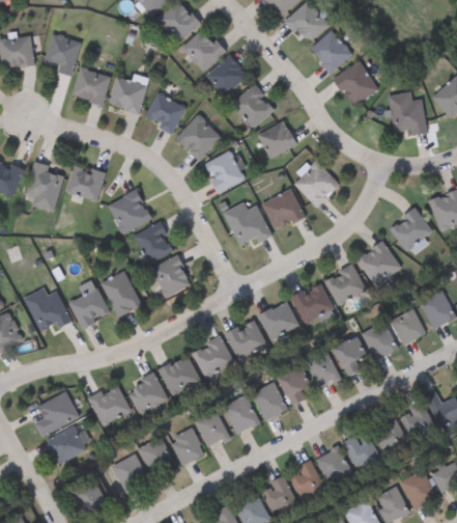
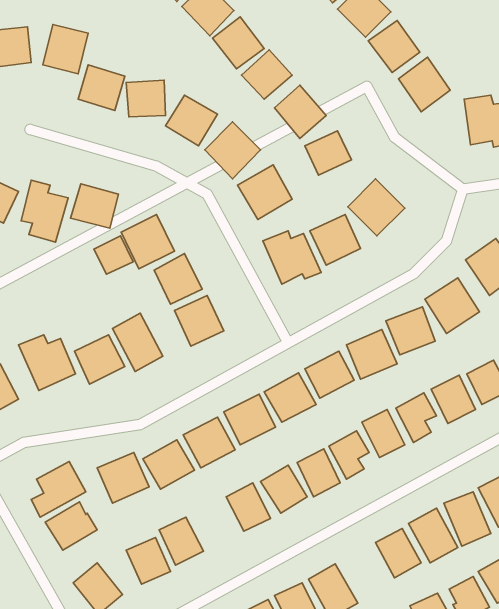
building: none -> [94,236,133,274]
building: [169,428,205,465] -> none
building: [289,460,329,505] -> none

